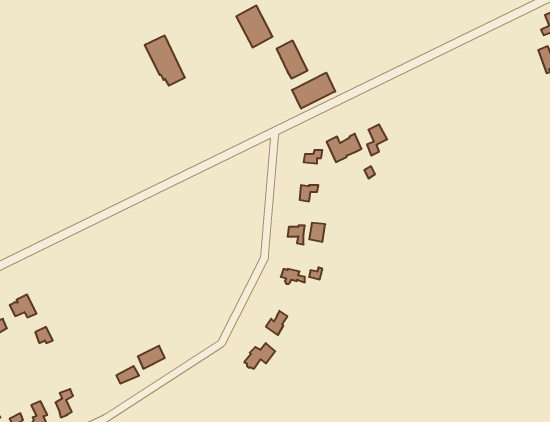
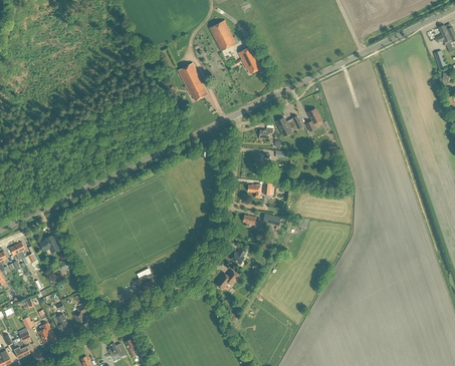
building: [145,36,185,86] -> [178,63,208,100]
building: [292,73,335,109] -> none

